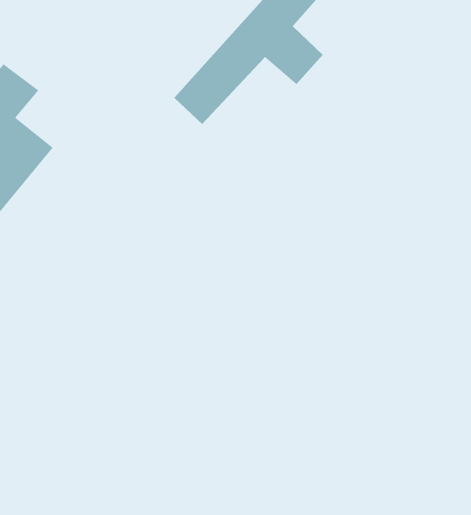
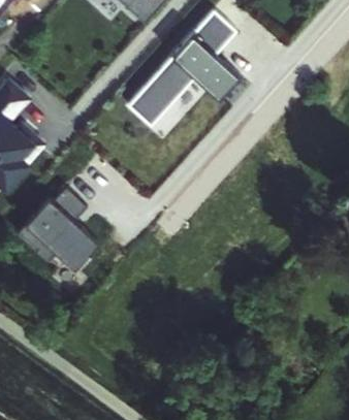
building: none -> [23,198,96,267]

